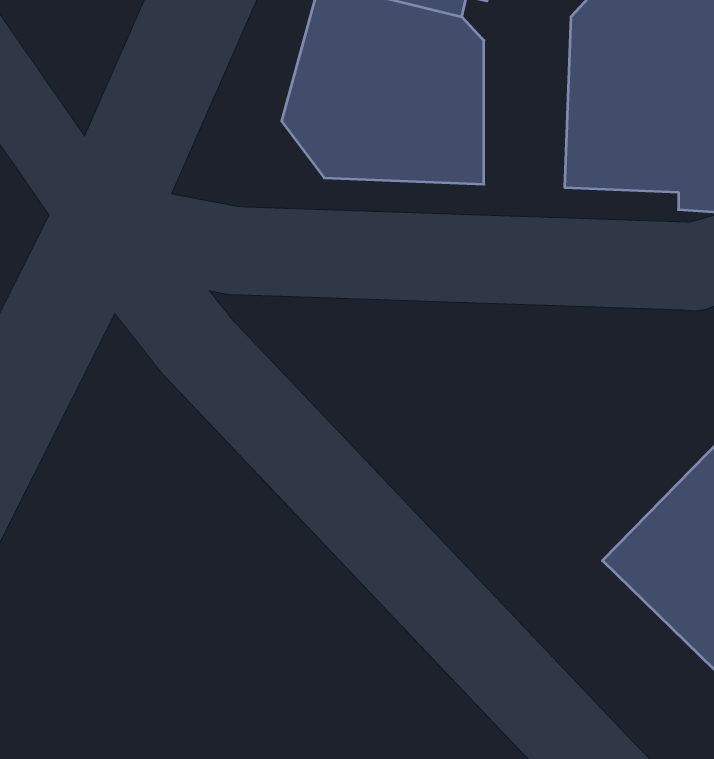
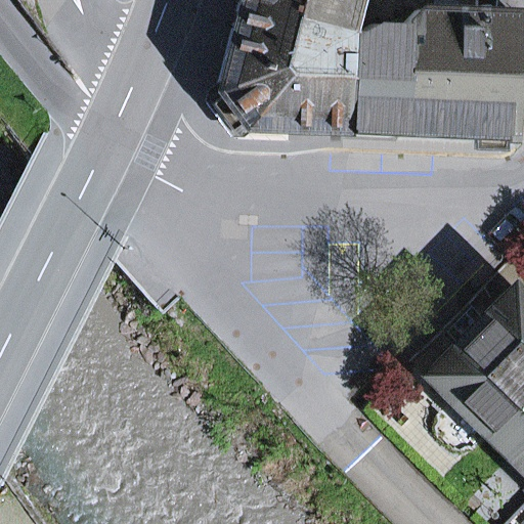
building: none -> [357,20,414,131]

